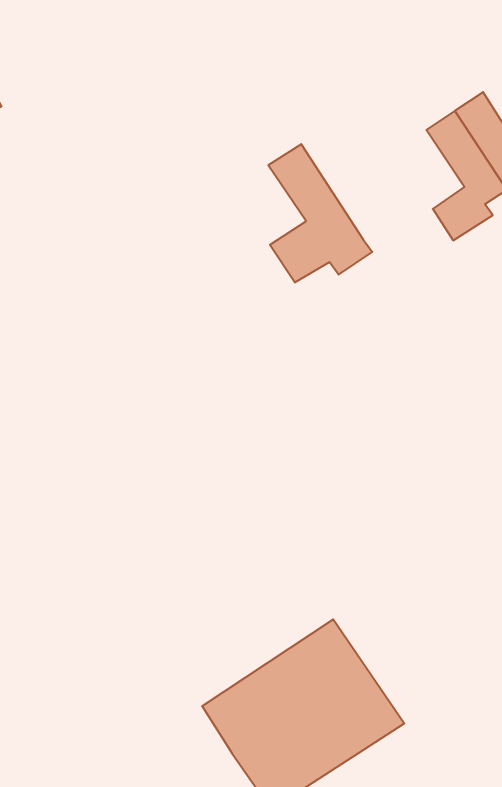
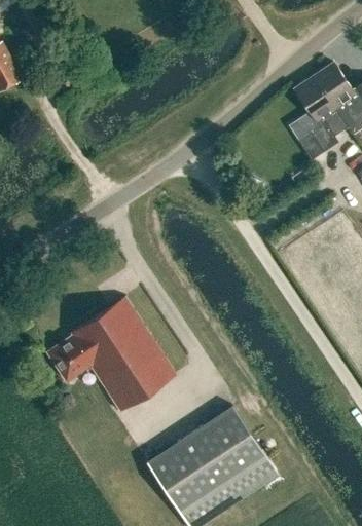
building: [268,144,372,283] -> none
building: none -> [46,296,177,411]

